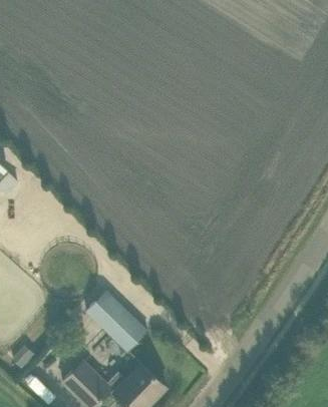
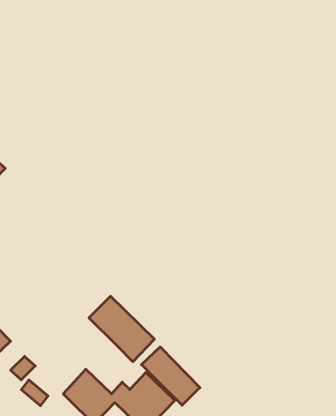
building: none -> [141,347,200,405]

